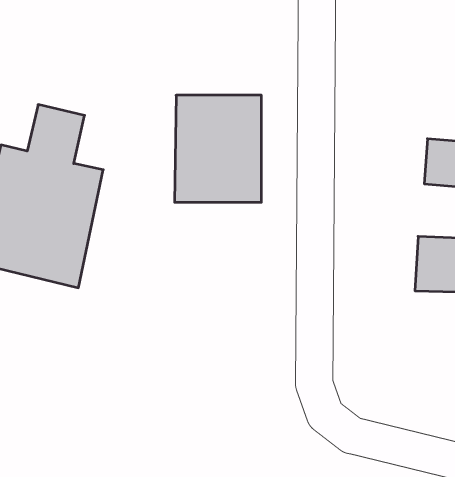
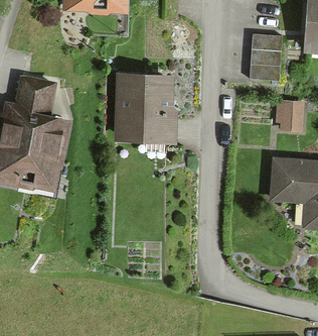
building: none -> [250,39,277,84]

